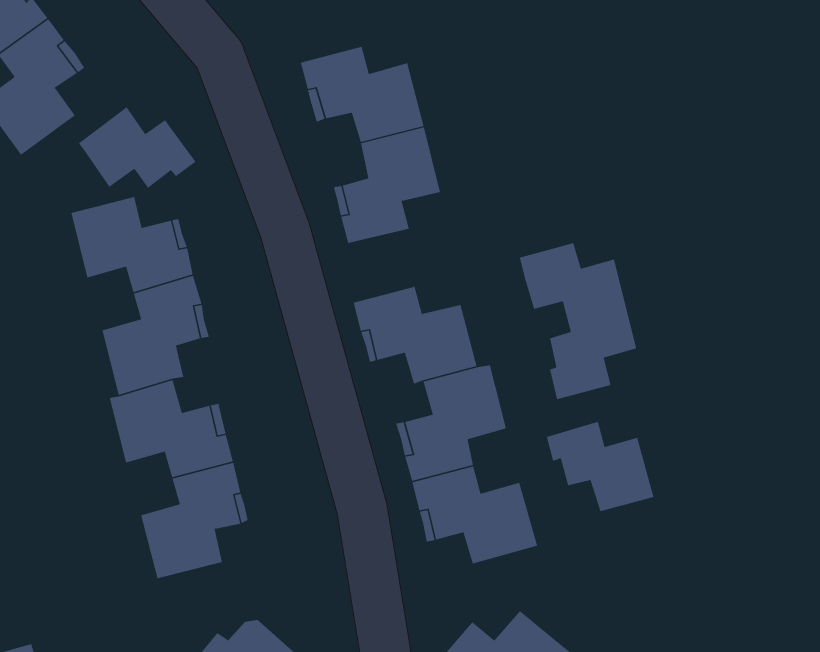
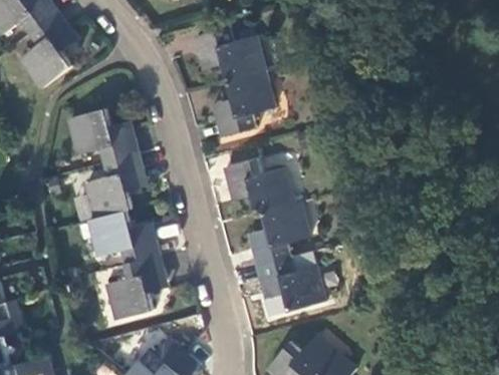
building: [78,106,196,189] -> none
building: [519,242,637,400] -> none
building: [546,421,655,512] -> none

